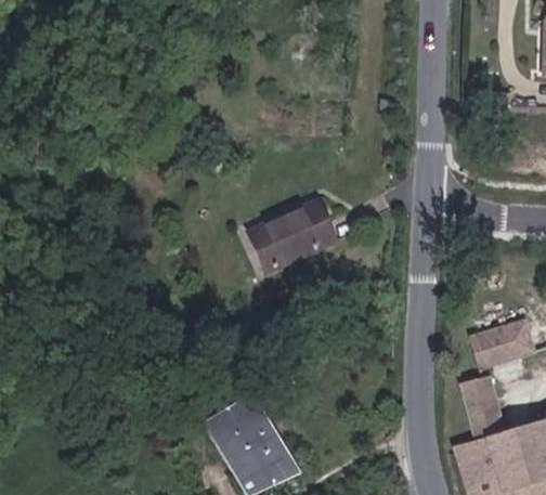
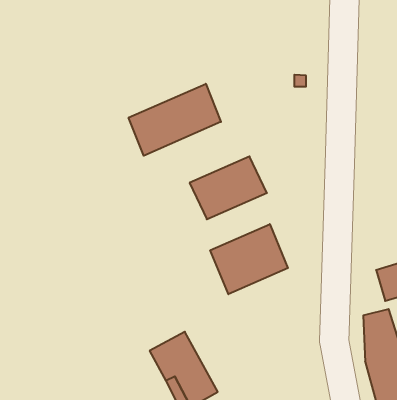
building: none -> [129,84,221,156]
building: none -> [210,224,288,294]

